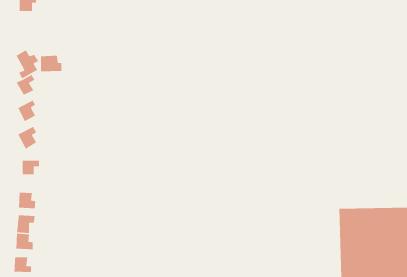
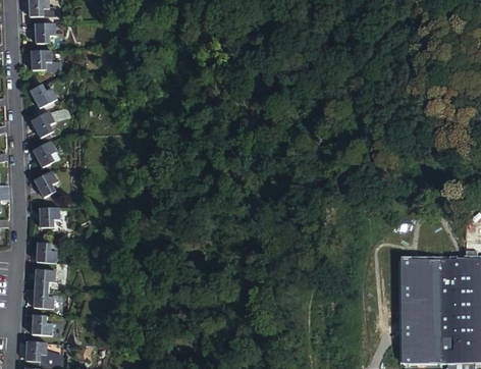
building: [40,55,62,72] -> [34,50,58,69]

